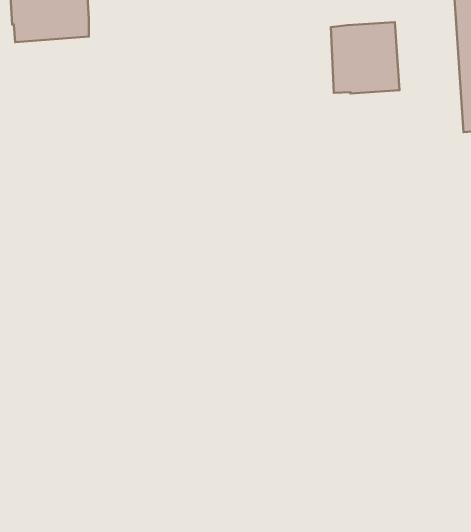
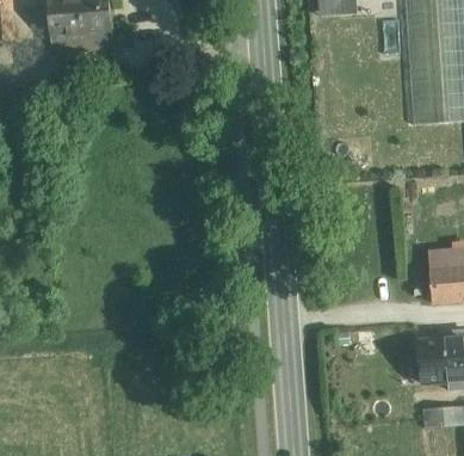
building: [331,22,399,93] -> none

